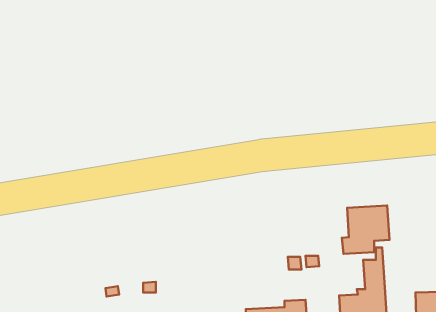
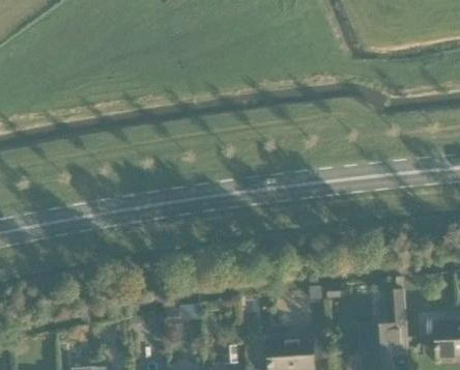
building: [342,206,389,254] -> none

